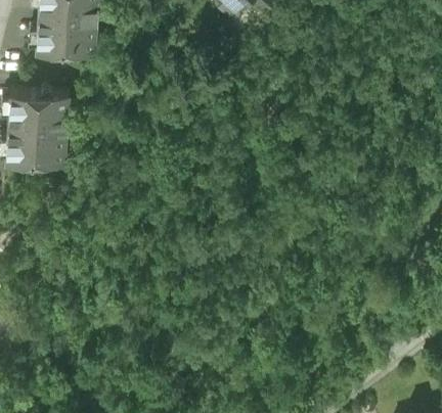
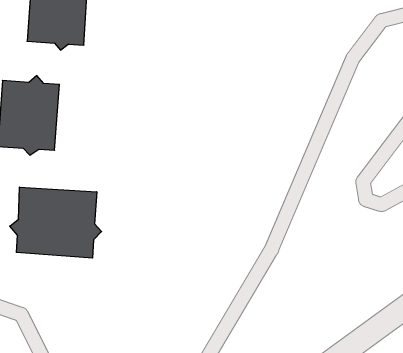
building: none -> [10,187,102,258]

